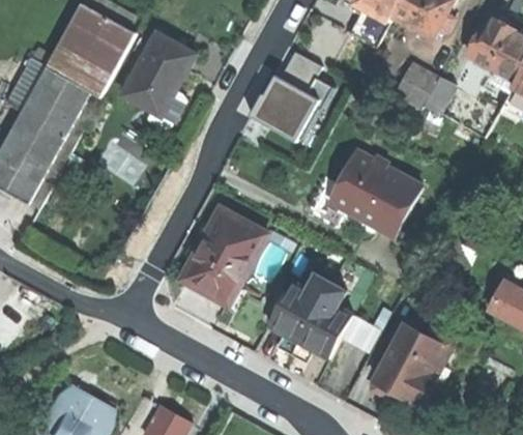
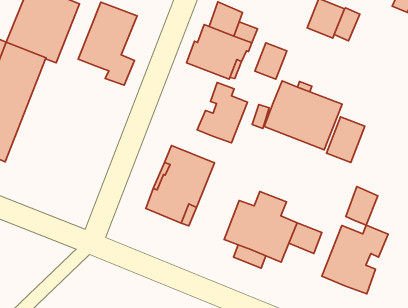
building: none -> [255,43,287,79]
building: none -> [197,83,247,143]
building: none -> [326,117,365,163]
building: none -> [346,187,378,225]

